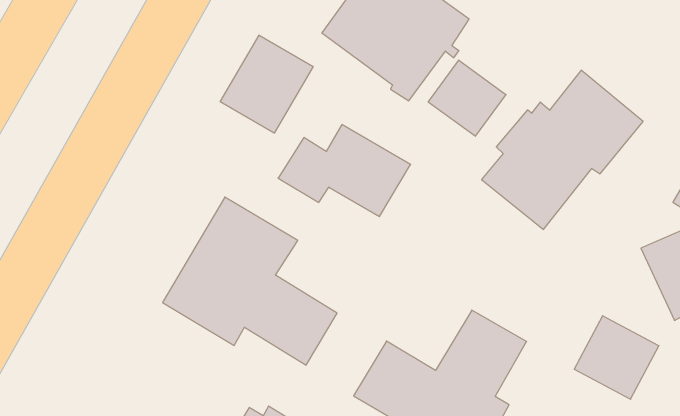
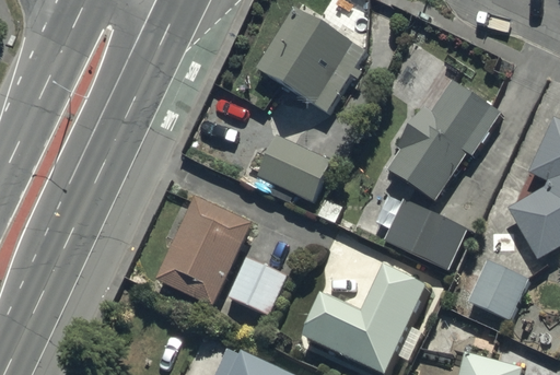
building: [220,35,313,133] -> none
building: [428,60,506,136] -> none
building: none -> [383,198,466,268]

